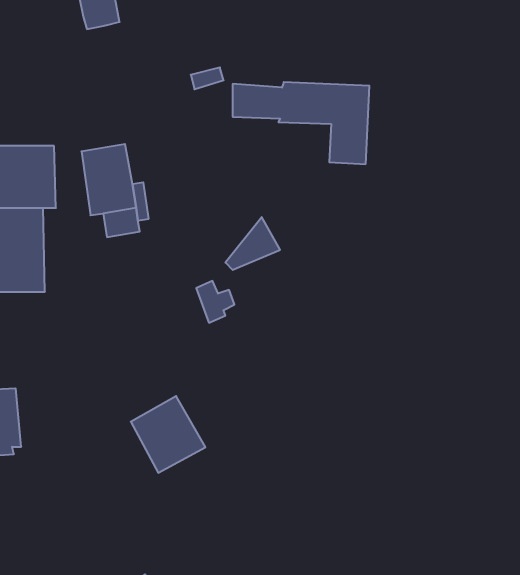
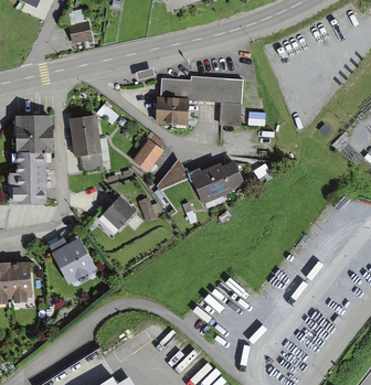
building: none -> [155,96,189,124]
building: none -> [132,138,163,171]
building: none -> [191,160,244,204]
building: none -> [102,195,136,229]
building: [131,396,205,473] -> [51,237,96,284]

